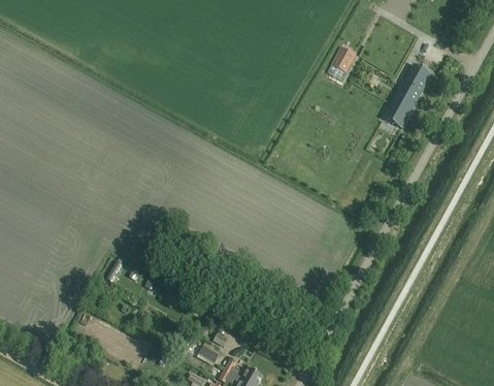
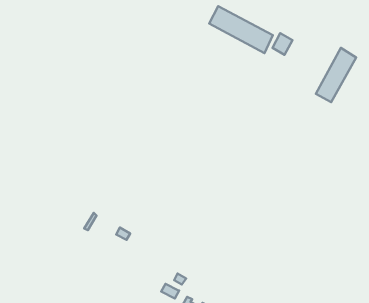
building: none -> [209,6,273,53]

